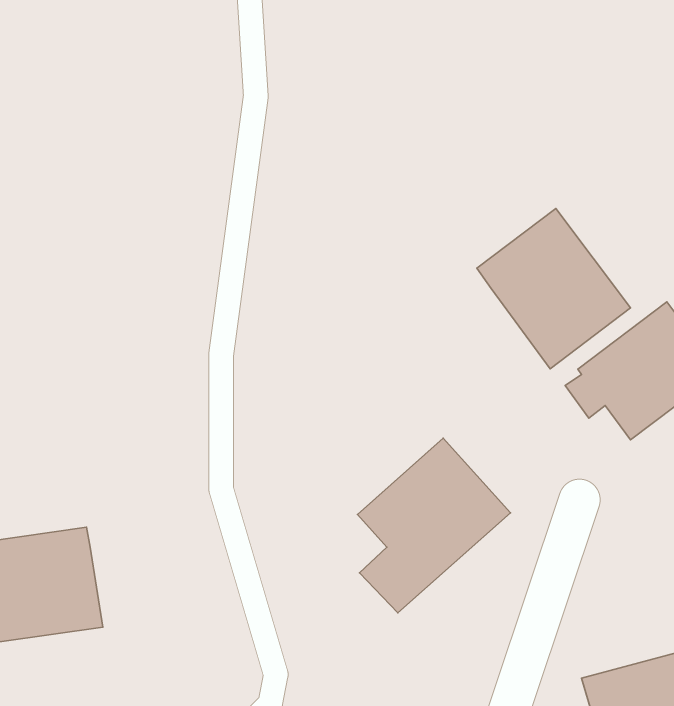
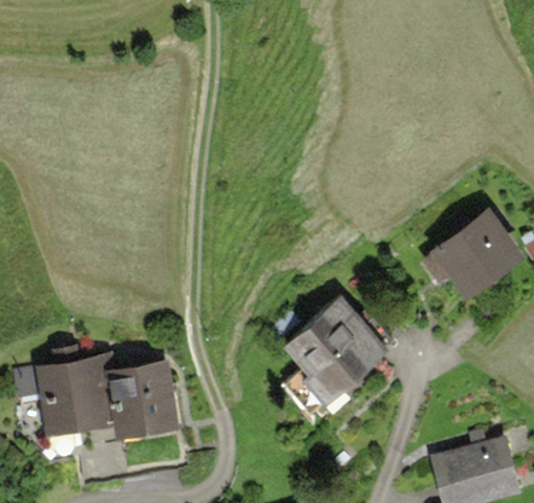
building: [477,209,631,369] -> none
building: none -> [105,359,180,439]

